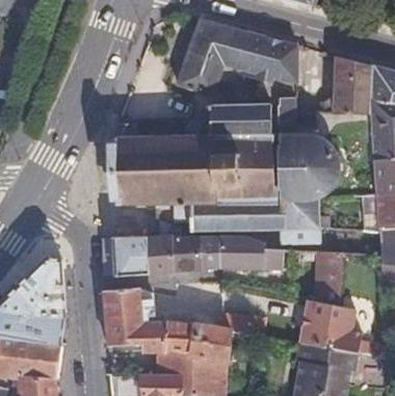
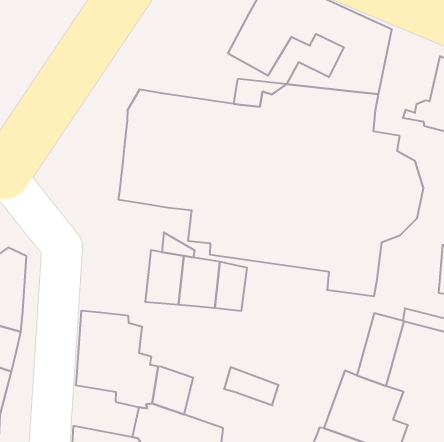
building: [116,236,151,276] -> none
building: [221,237,283,269] -> none
building: [193,324,228,358] -> none

